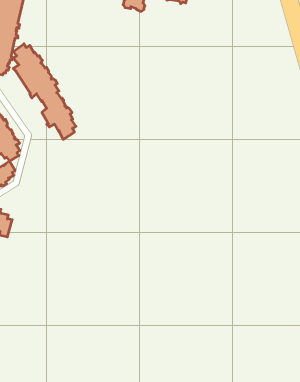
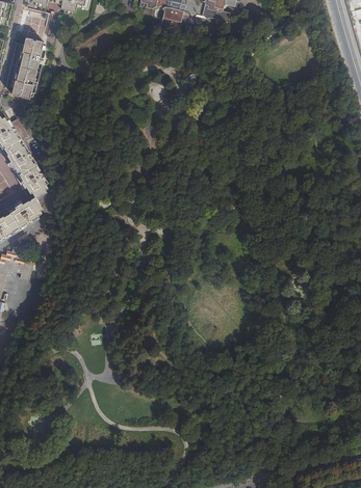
building: [13,44,76,139] -> none

